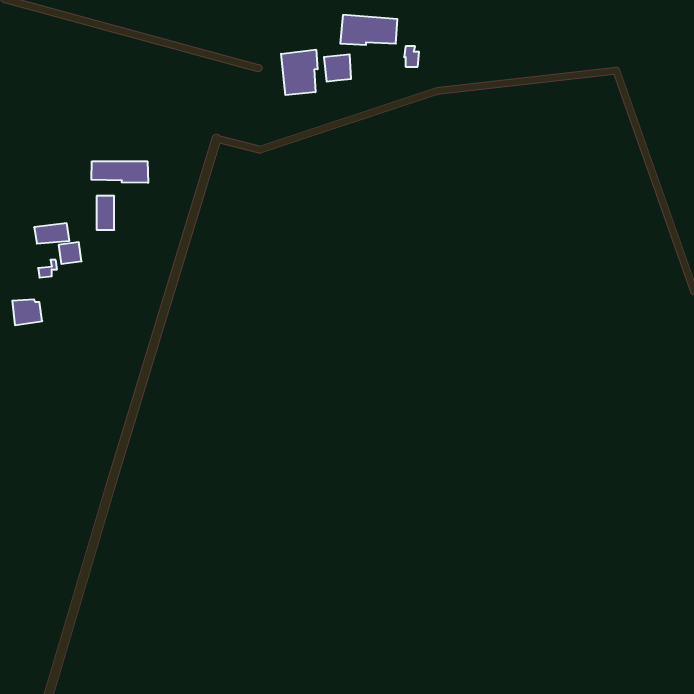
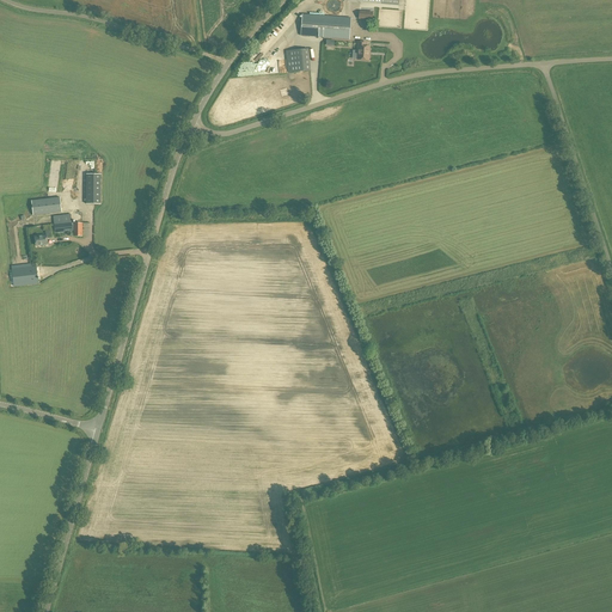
building: [281,50,318,95] -> none
building: [91,161,148,183] -> none

